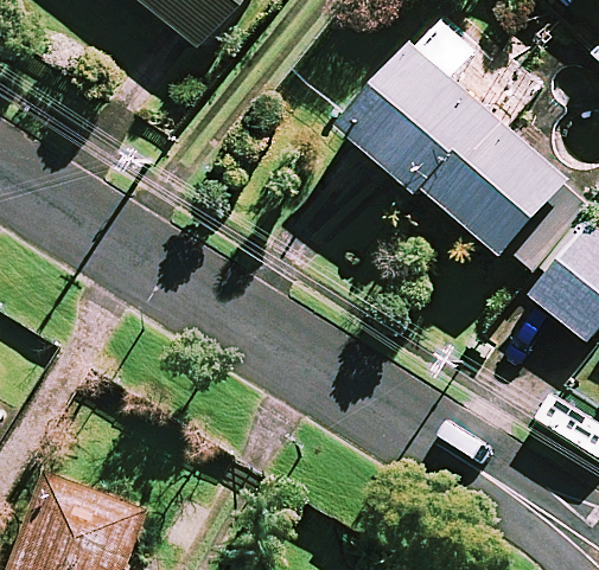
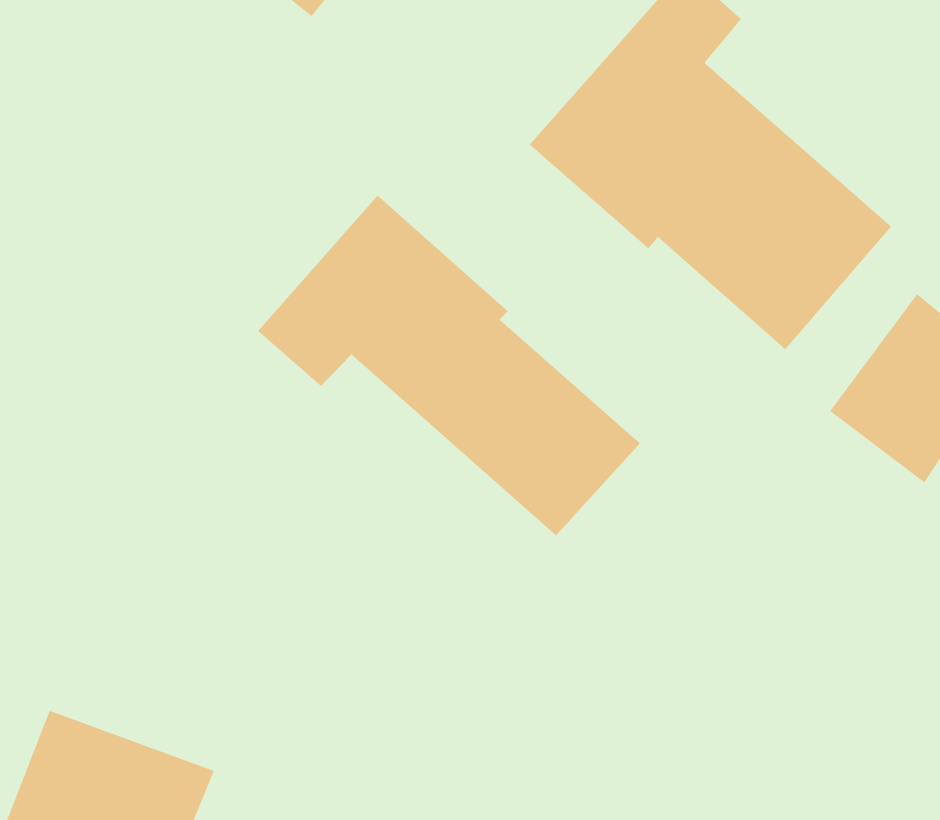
building: none -> [257,195,641,536]

